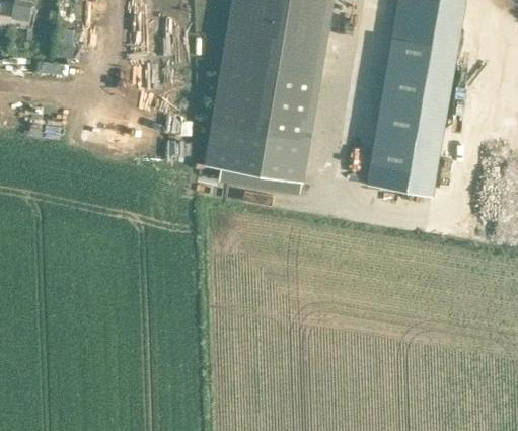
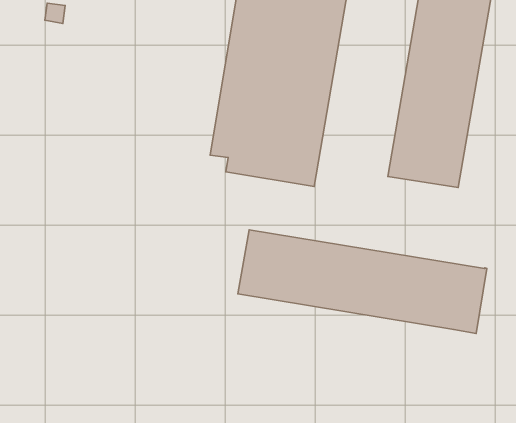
building: none -> [238,230,487,334]

